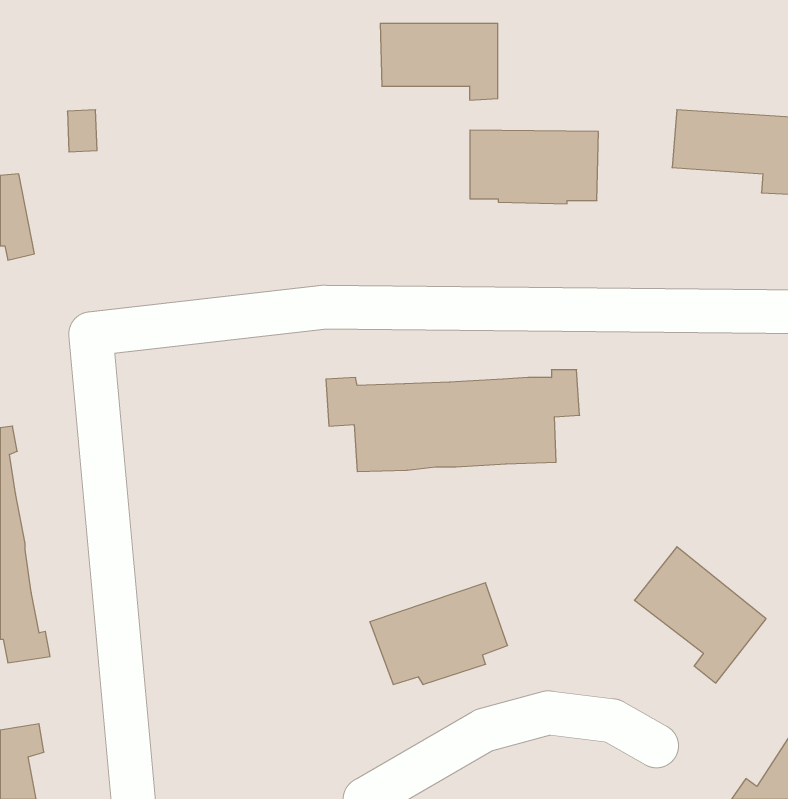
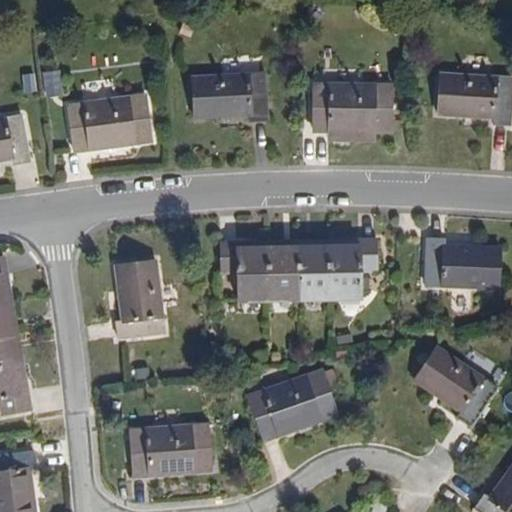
building: [380,23,498,100] -> [189,71,264,120]
building: none -> [67,87,152,149]
building: none -> [430,235,506,291]
building: none -> [108,265,161,344]
building: none -> [124,428,209,481]

